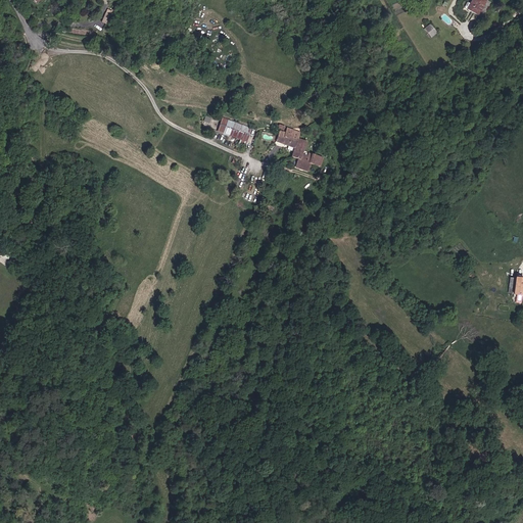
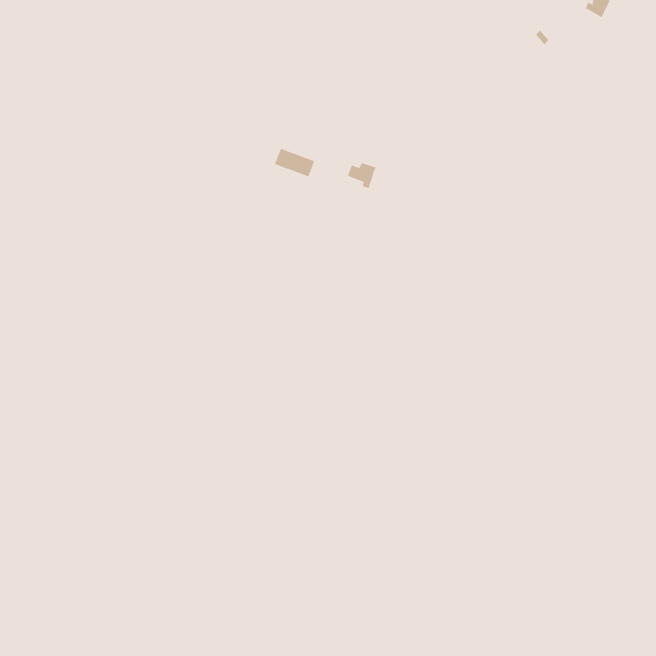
building: [292,138,322,169] -> none

